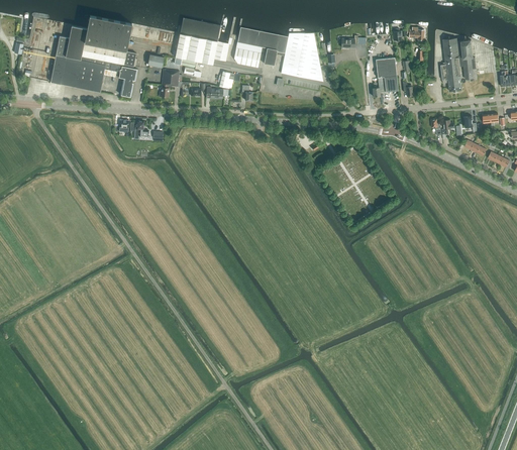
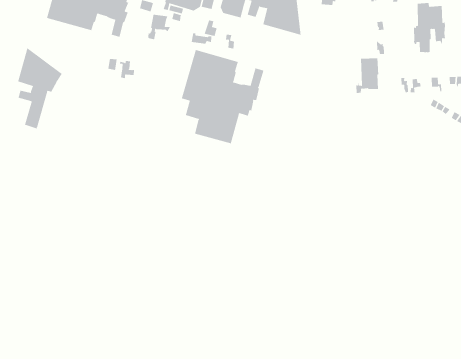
building: [373,58,398,97] -> [356,58,379,93]
building: none -> [181,49,264,144]
building: none -> [17,47,63,130]

